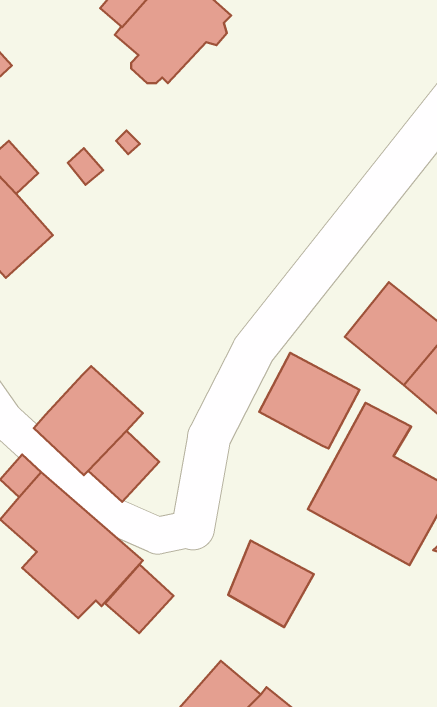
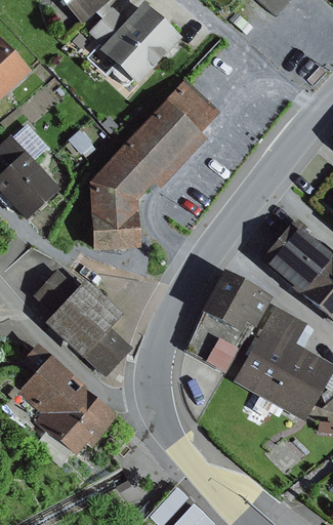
building: none -> [89,80,219,249]
building: none -> [32,268,78,315]
building: [228,540,314,627] -> [185,313,245,373]
building: [105,564,173,633] -> none

